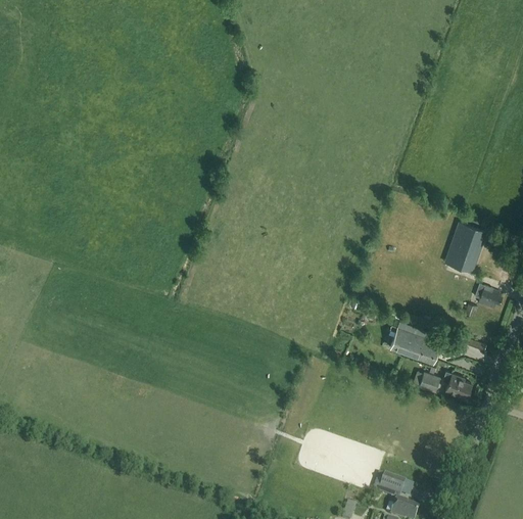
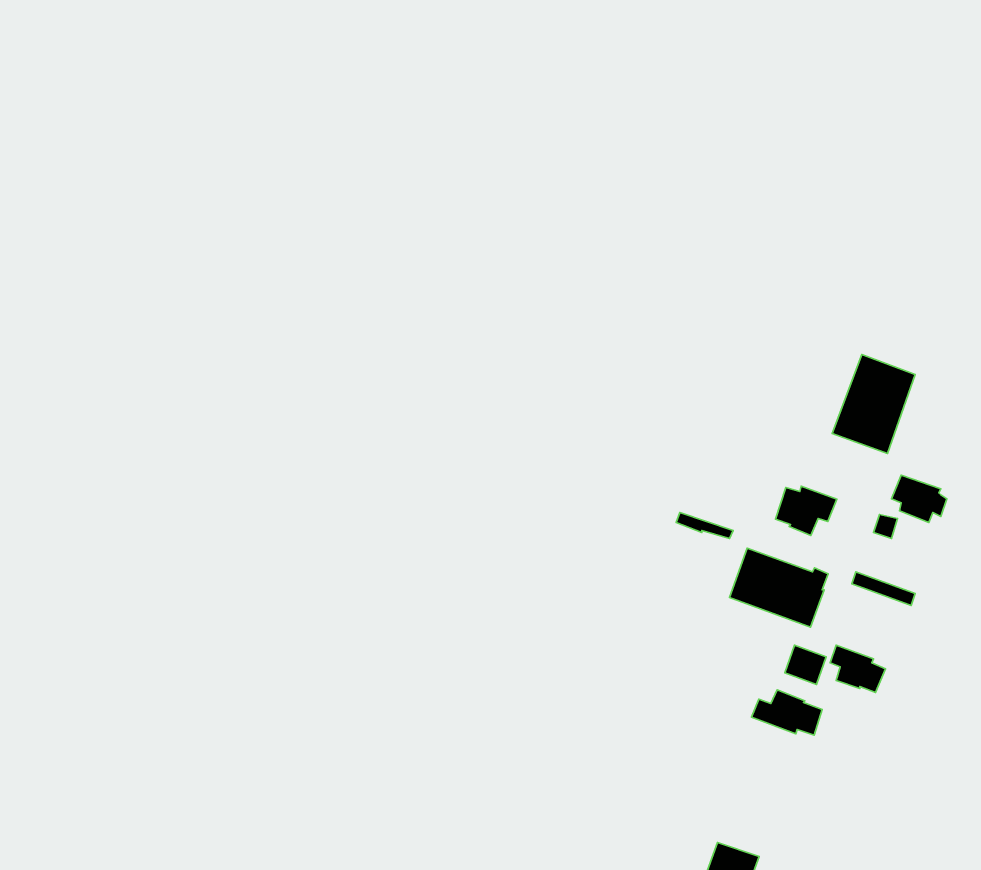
building: none -> [776,486,837,536]
building: none -> [751,690,822,735]

